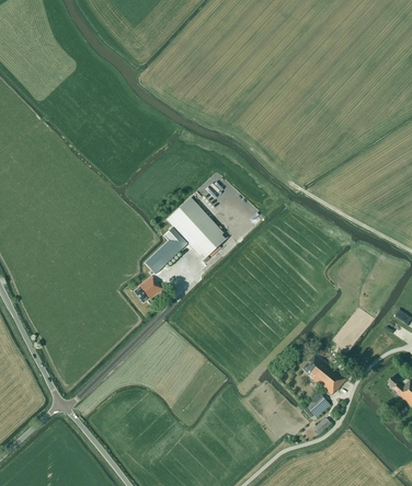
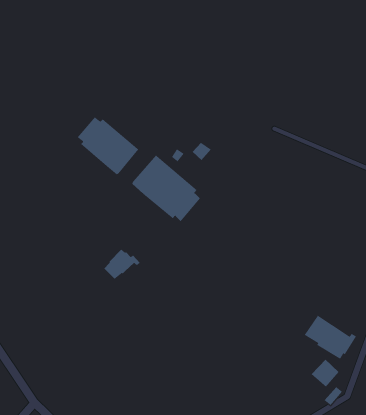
building: none -> [77,117,139,175]
building: [145,244,175,274] -> none

